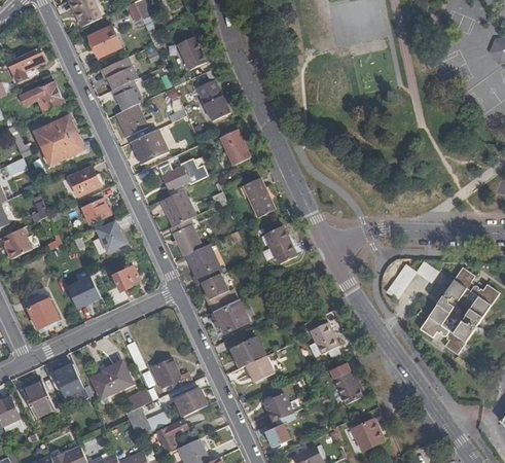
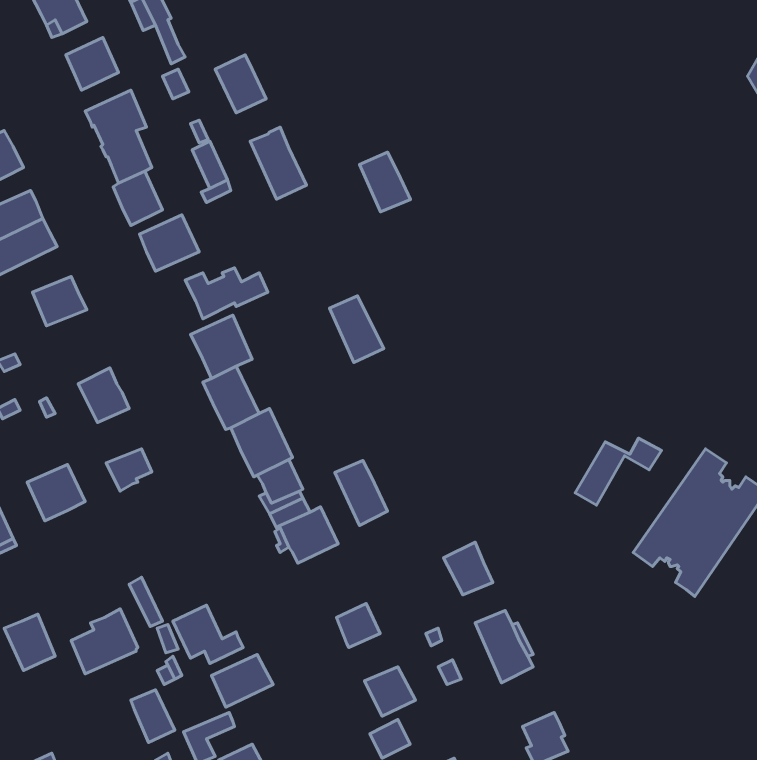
building: [220,129,250,164] -> [359,152,410,212]
building: [80,191,110,224] -> none
building: [265,225,296,263] -> [335,460,388,525]
building: [230,336,264,368] -> none

